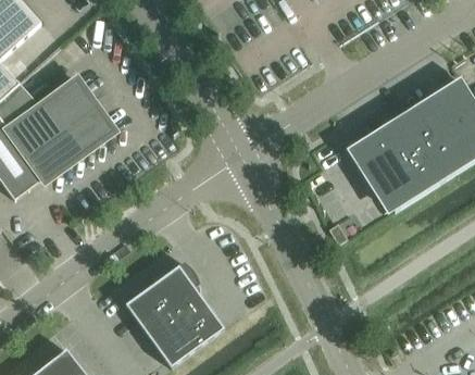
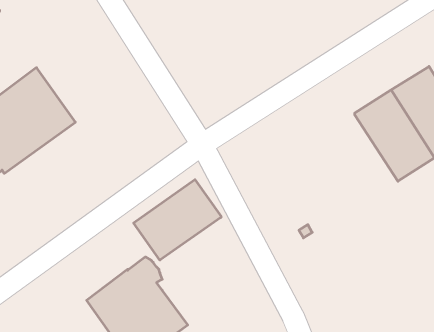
building: [360,122,429,211] -> none
building: none -> [134,180,221,260]

